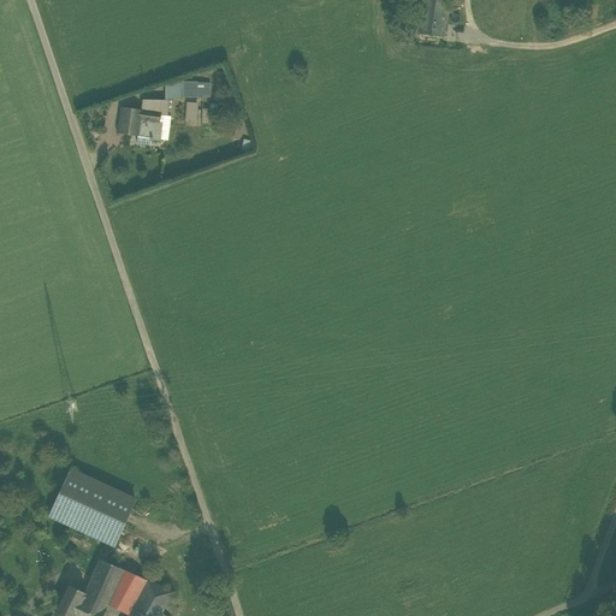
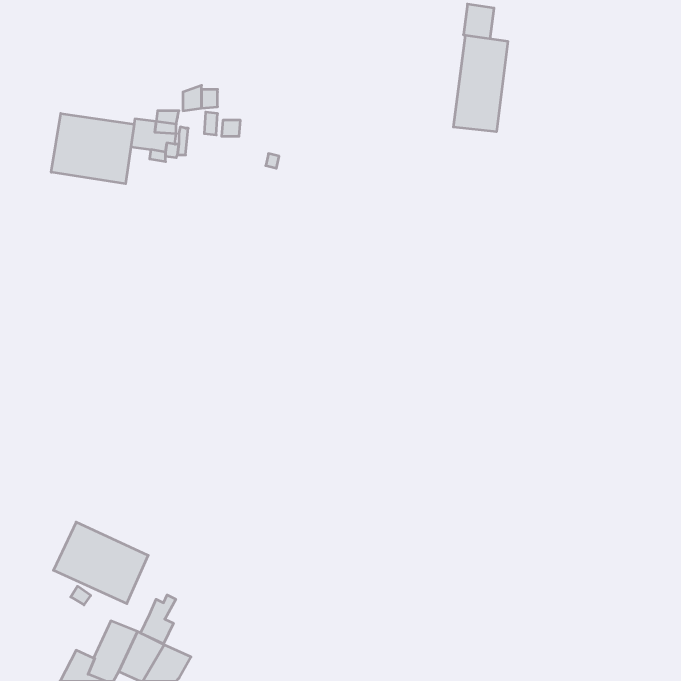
building: none -> [453,35,508,132]
building: none -> [51,113,134,184]
building: none -> [141,595,176,644]

